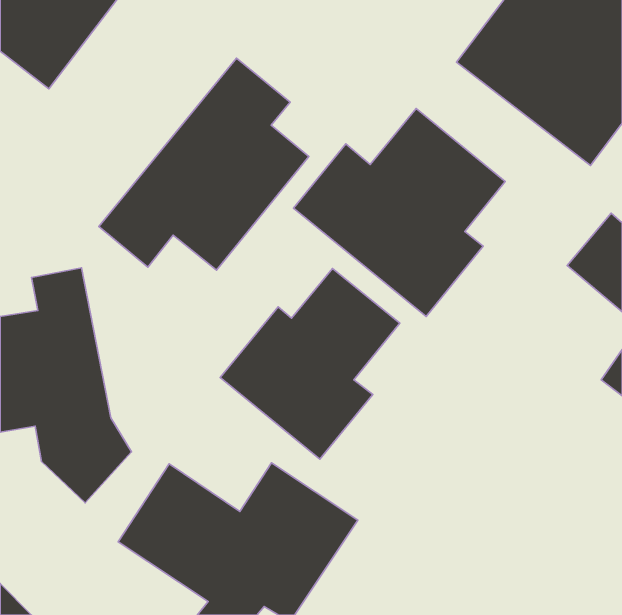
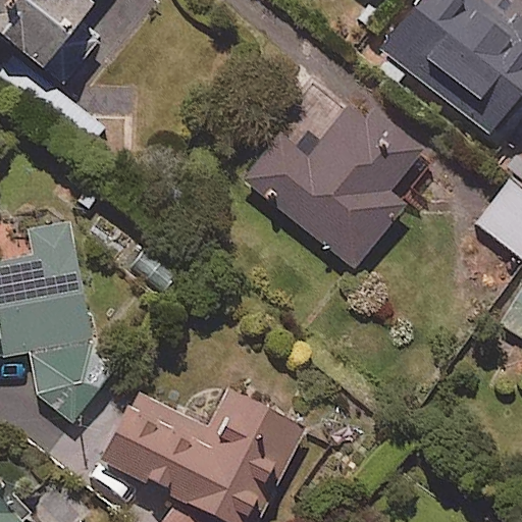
building: [99,58,309,270] -> none
building: [220,269,400,459] -> none

